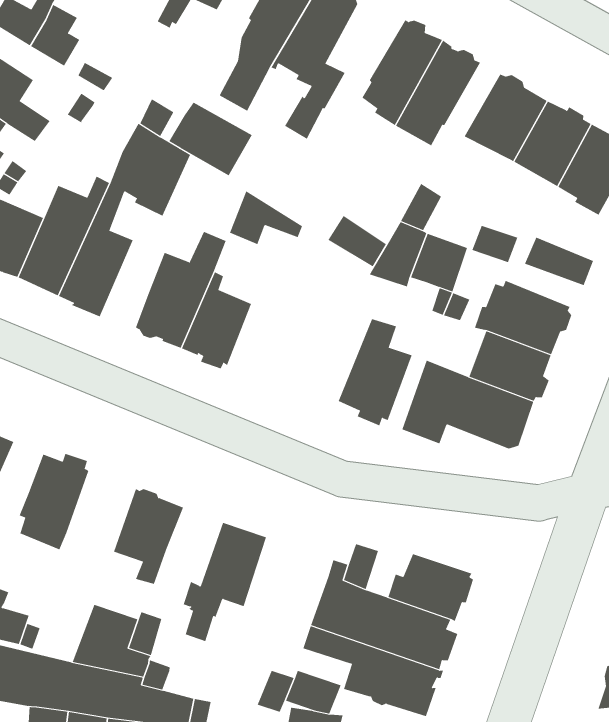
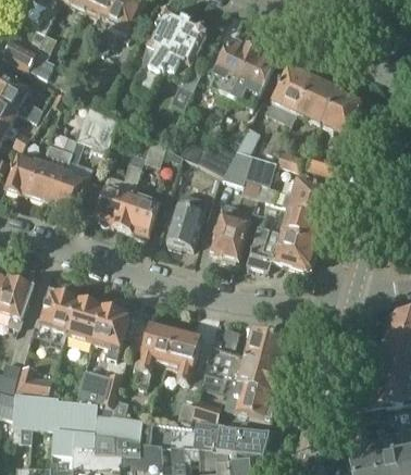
building: [169,102,252,176] -> none
building: none -> [165,191,207,248]
building: none -> [66,298,102,341]
building: none -> [166,327,201,383]

